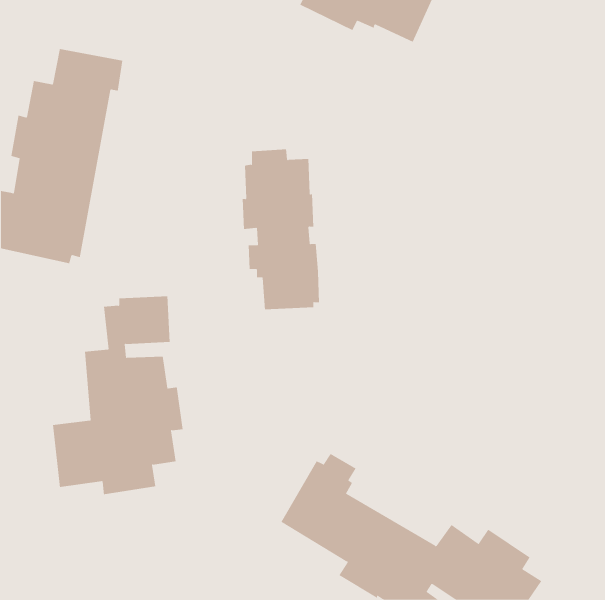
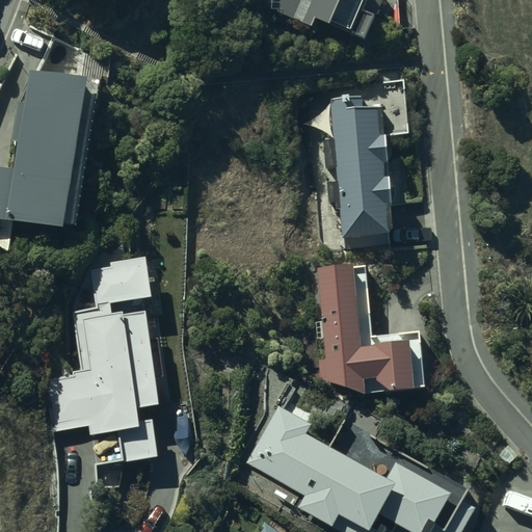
building: [242,149,320,310] -> [322,96,391,237]
building: none -> [315,265,423,396]

